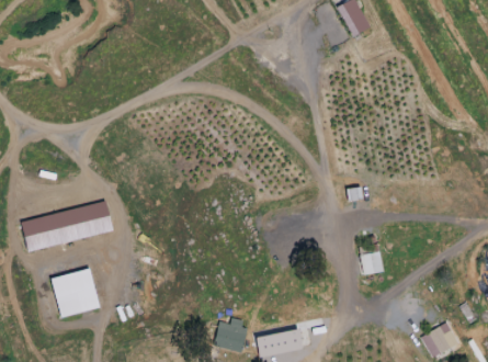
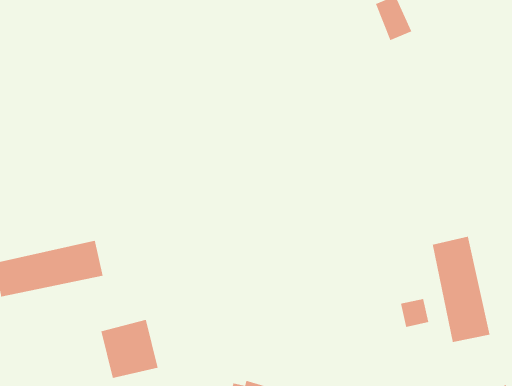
building: none -> [432,236,490,343]
building: [52,268,100,317] -> [100,319,158,379]

